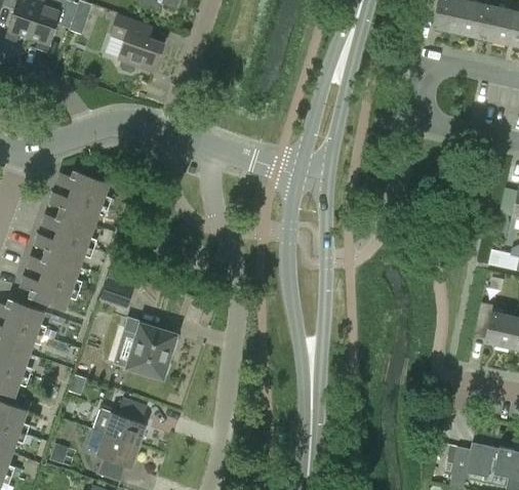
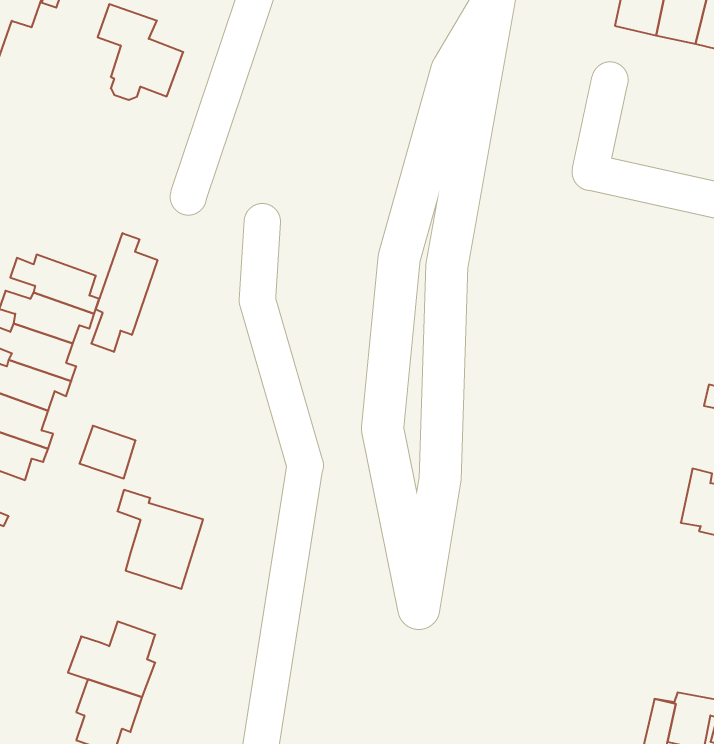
building: none -> [91,233,157,352]

